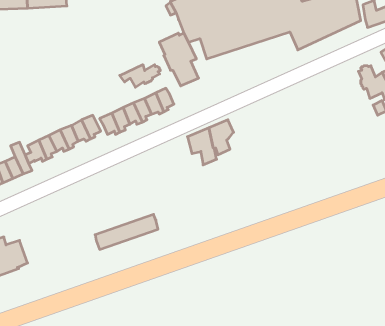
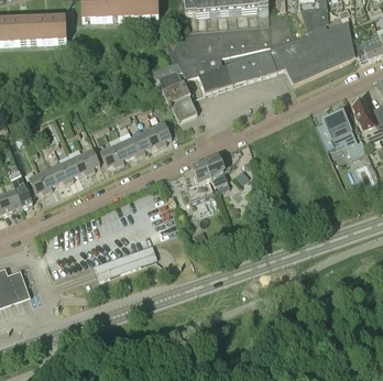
building: [120,65,160,87] -> none
building: none -> [316,109,366,157]

